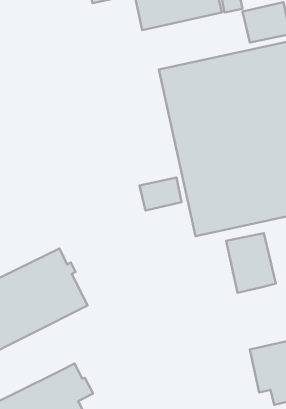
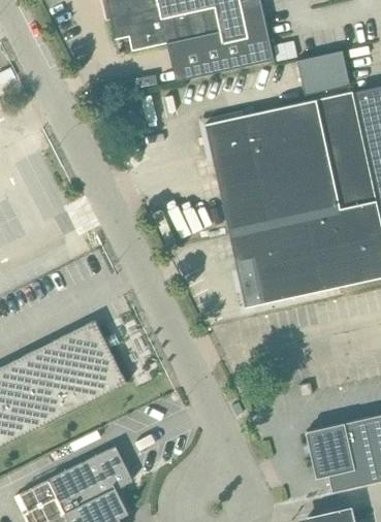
building: [139,178,182,211] -> none
building: [226,233,276,293] -> none

